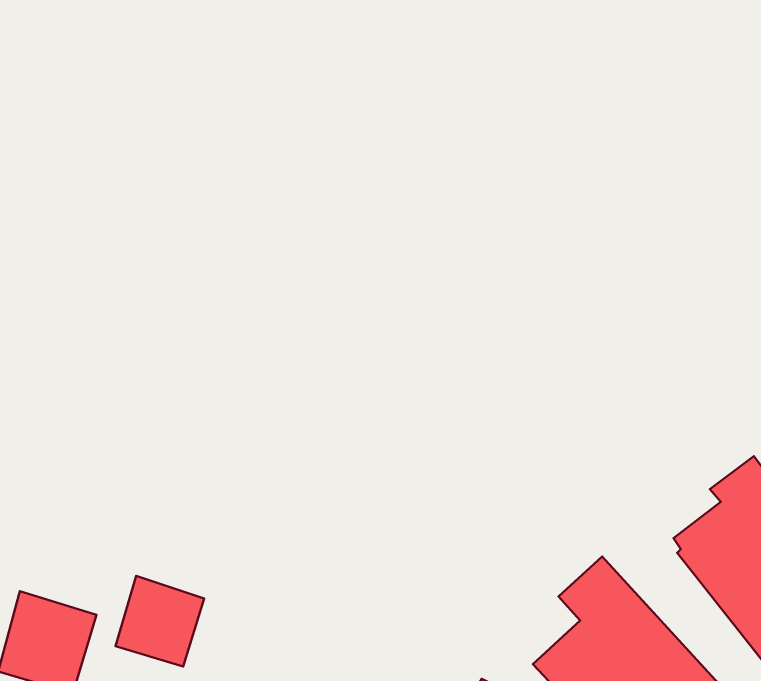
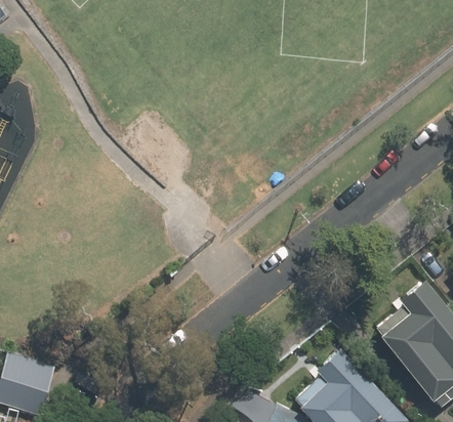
building: [115,576,204,666] -> none

